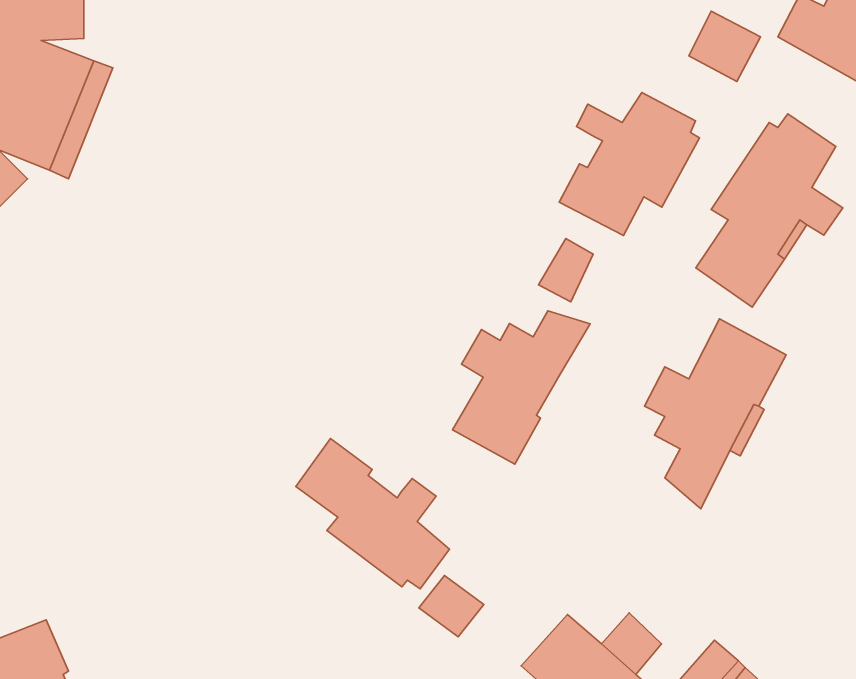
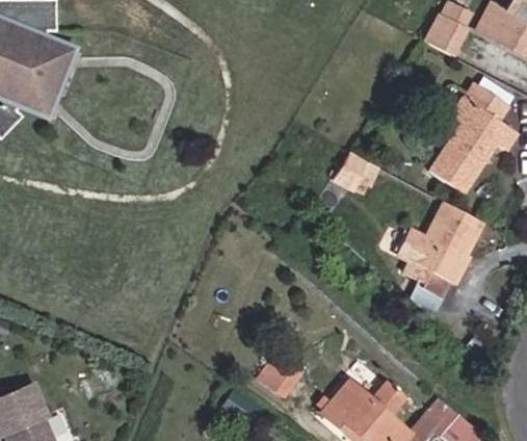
building: [559,92,699,235] -> none
building: [453,311,590,464] -> none
building: [296,439,450,589] -> none

